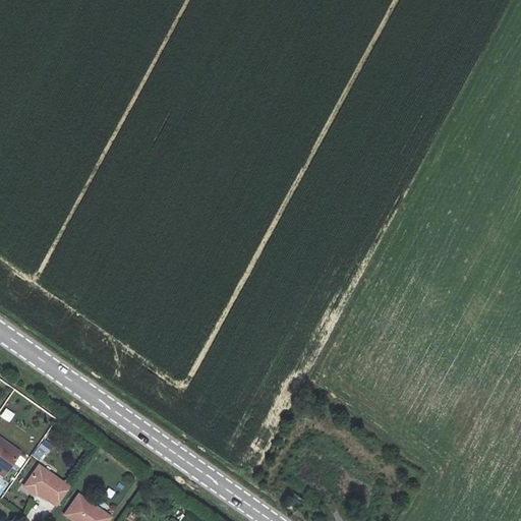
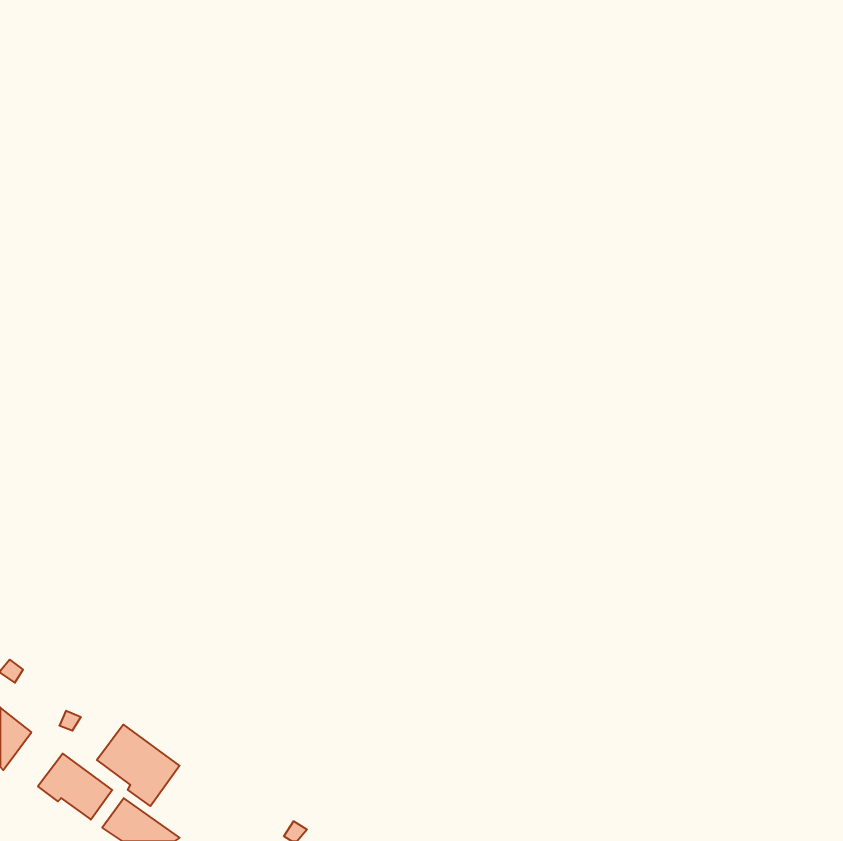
building: none -> [97,725,180,806]

